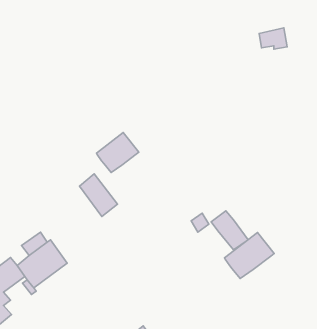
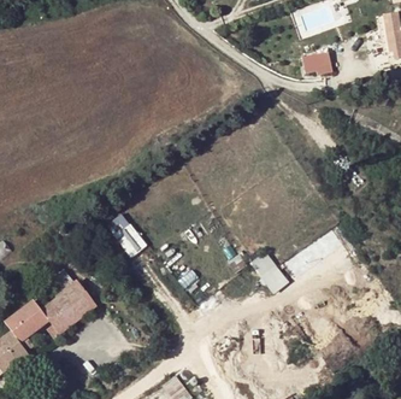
building: [96,133,139,173] -> none
building: [225,233,274,279] -> none

